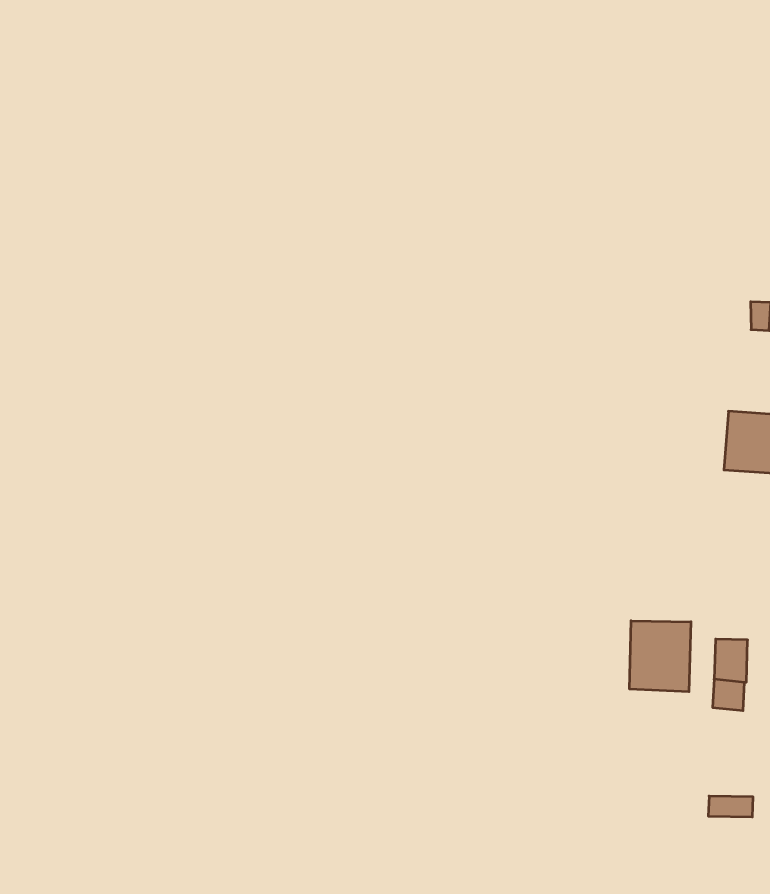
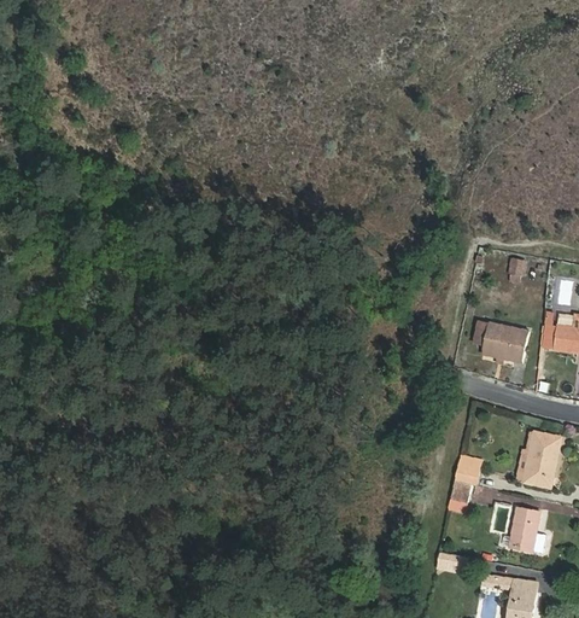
building: [630,621,691,692] -> none

